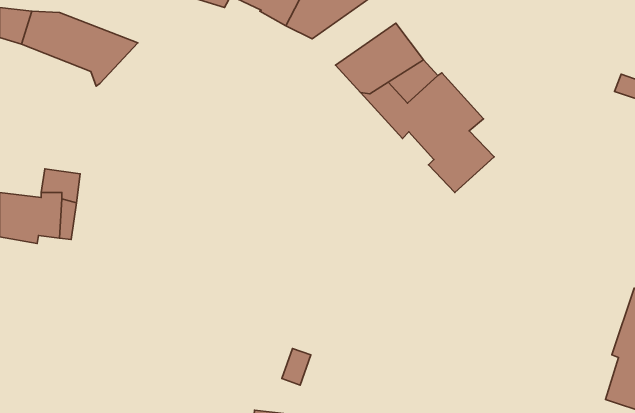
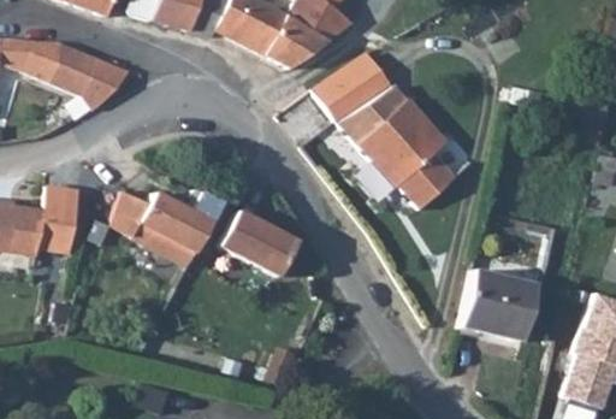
building: none -> [114,191,213,266]
building: none -> [220,212,298,277]
building: none -> [463,270,535,341]

